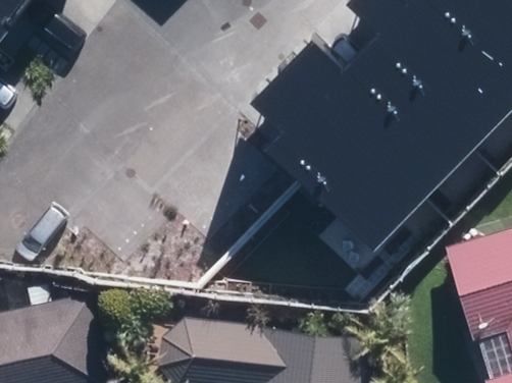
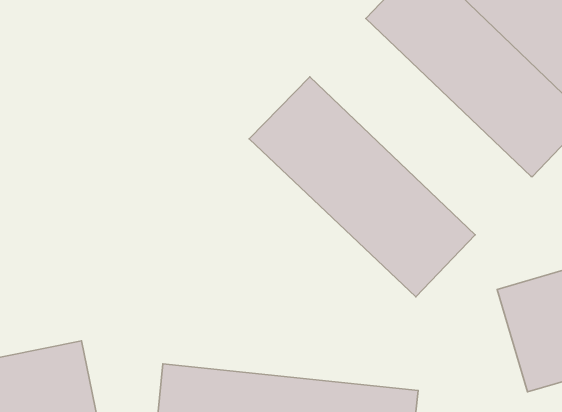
building: [288,25,473,207] -> none

